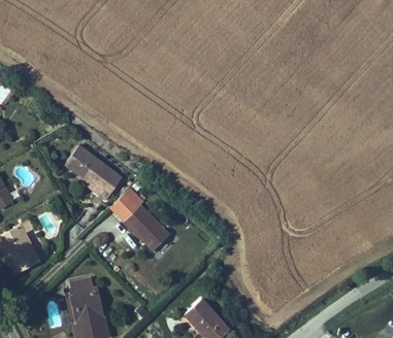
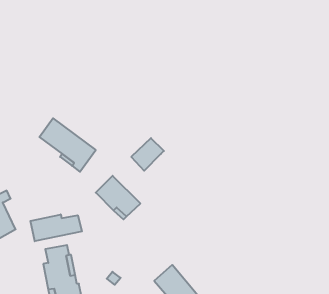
building: [110,189,144,223] -> [131,138,164,171]
building: none -> [30,214,82,241]

